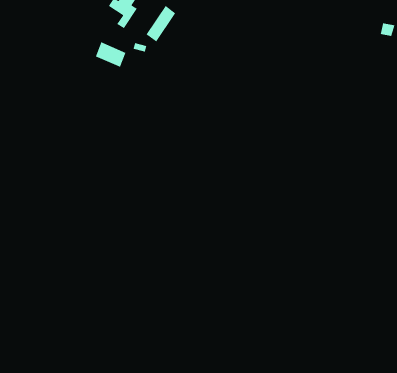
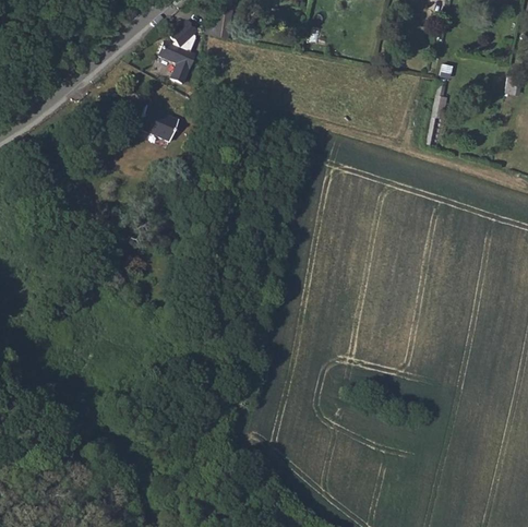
building: [146,5,176,43] -> none

